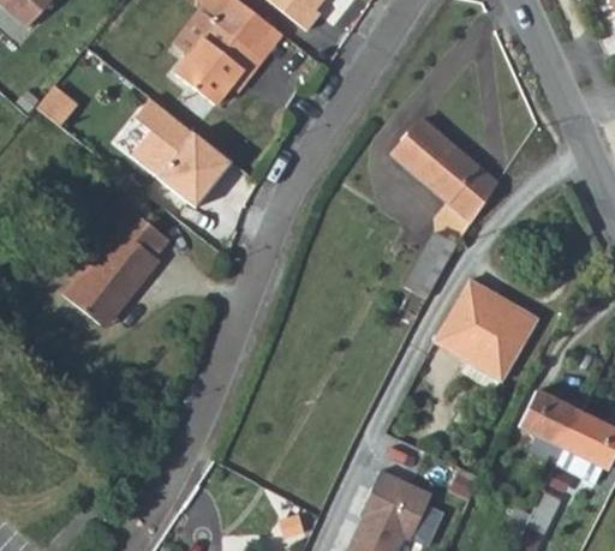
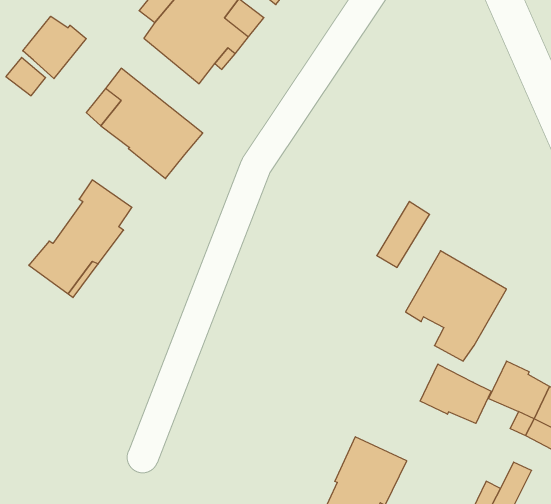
building: none -> [23,16,86,79]
building: [394,119,497,222] -> none
building: none -> [420,364,491,423]

